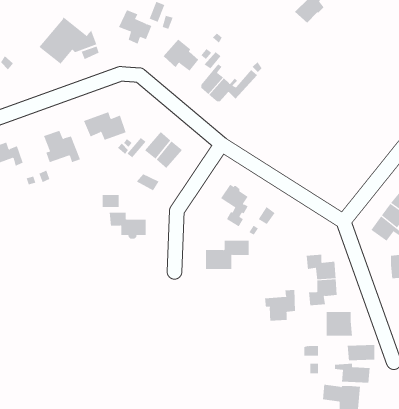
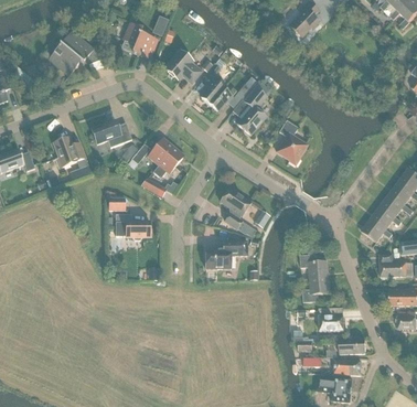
building: none -> [237,88,266,135]
building: none -> [276,119,307,165]
building: [265,289,295,322] -> none

